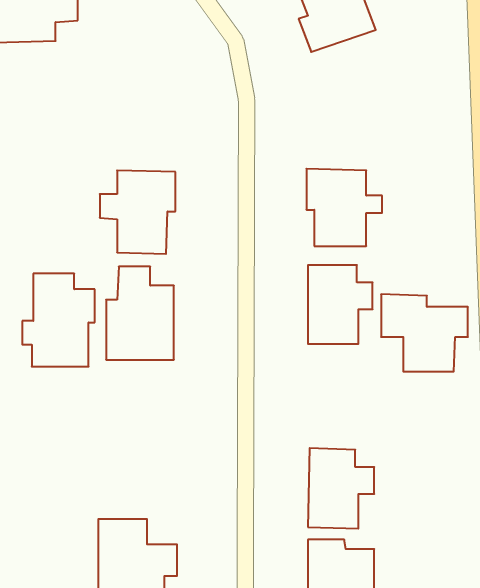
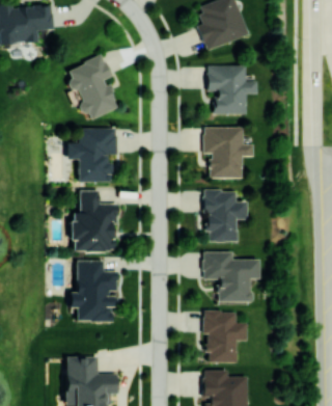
building: none -> [66,55,119,119]
building: none -> [208,66,257,114]
building: [22,274,95,367] -> [70,261,117,322]
building: [381,294,468,372] -> [203,251,260,302]

